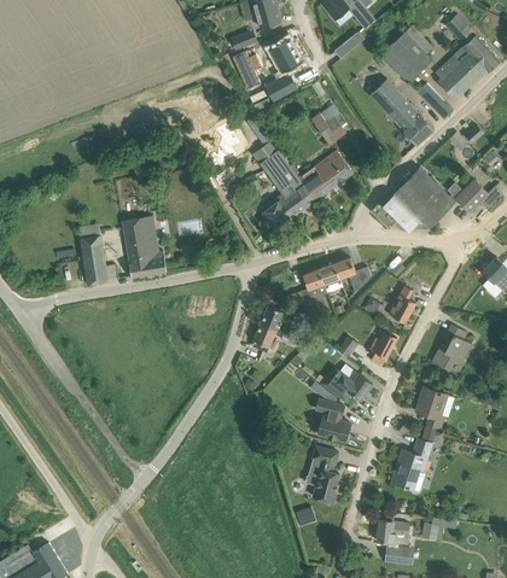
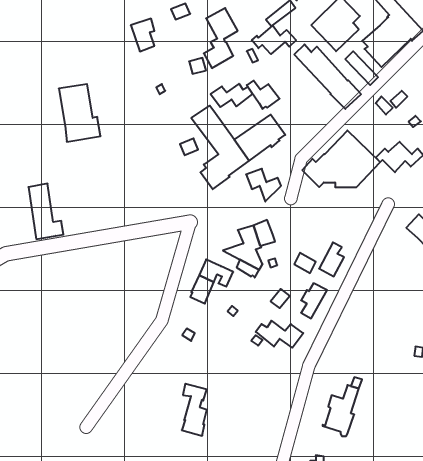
building: [234,53,260,88] -> [131,19,154,51]
building: none -> [252,25,296,54]
building: none -> [211,84,253,107]
building: [122,215,167,276] -> [59,84,101,142]
building: [333,256,371,291] -> [246,169,281,202]
building: [431,323,471,368] -> none
building: [415,386,445,427] -> none
building: [315,398,349,440] -> none
building: [311,445,338,501] -> [182,384,207,436]

